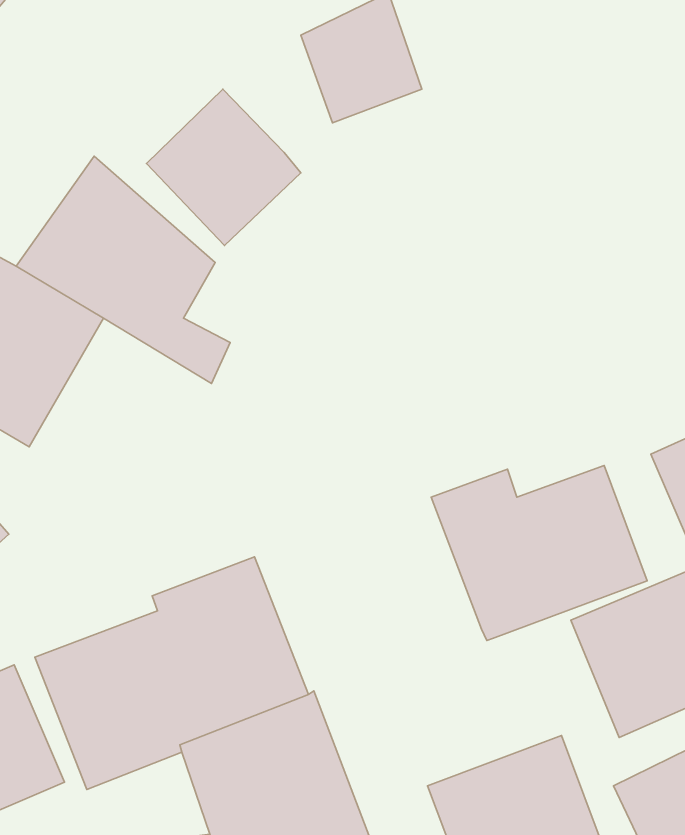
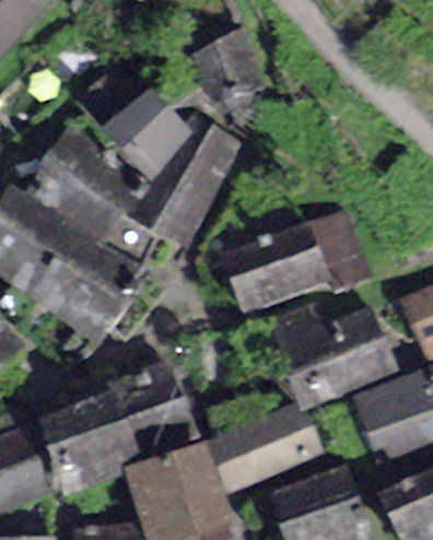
building: none -> [124,116,239,250]
building: none -> [219,210,367,317]
building: none -> [31,221,152,350]
building: none -> [206,403,324,494]

